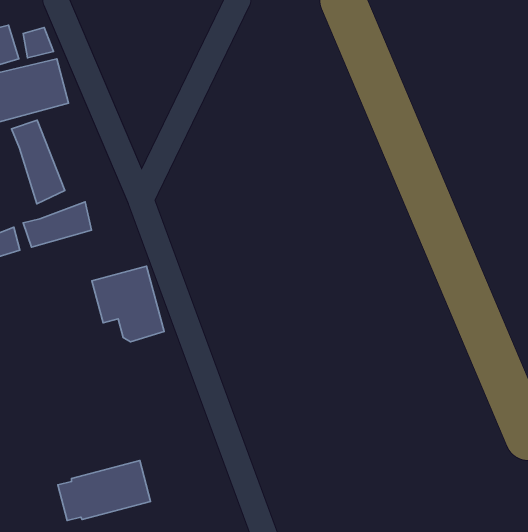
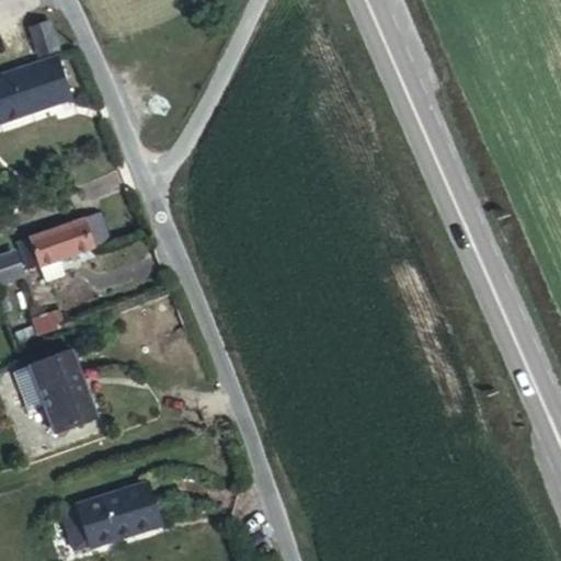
building: [11,120,65,204] -> none
building: [92,266,164,342] -> [19,345,94,424]

